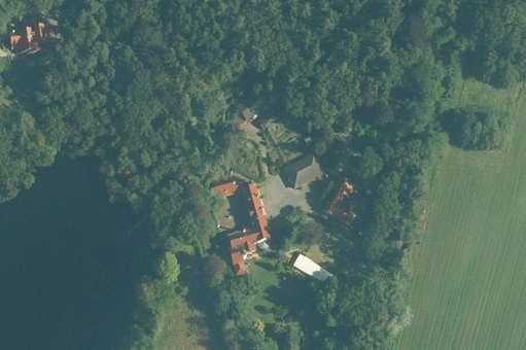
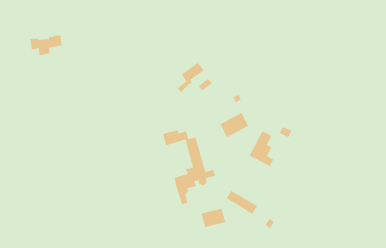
building: [9,26,51,54] -> [30,34,63,56]
building: none -> [200,208,226,228]

